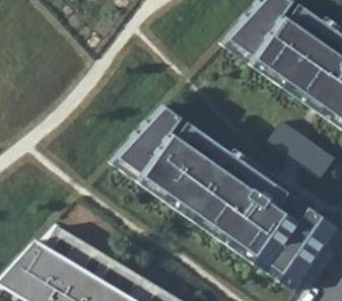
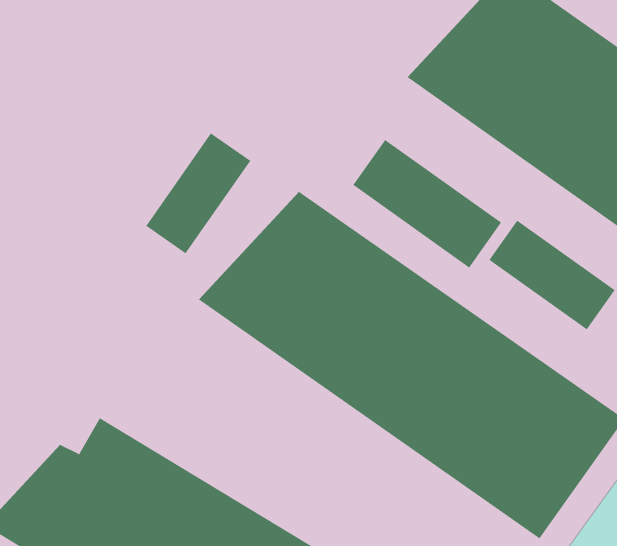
building: none -> [146,133,251,254]
building: none -> [352,139,502,268]

